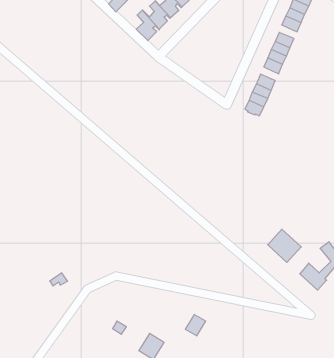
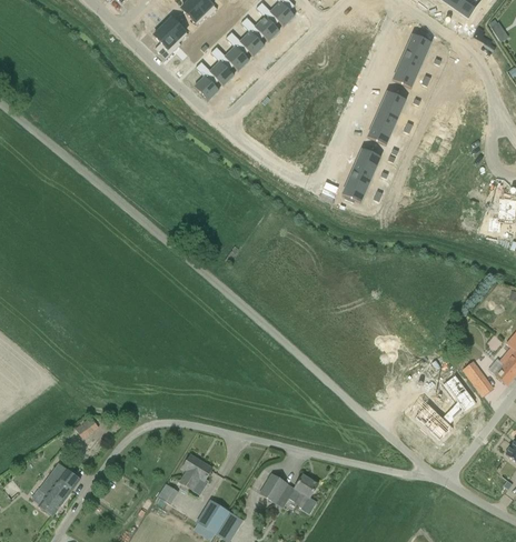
building: [268,229,301,262] -> none
building: none -> [178,453,211,489]
building: none -> [38,461,80,514]
building: none -> [288,473,318,512]

